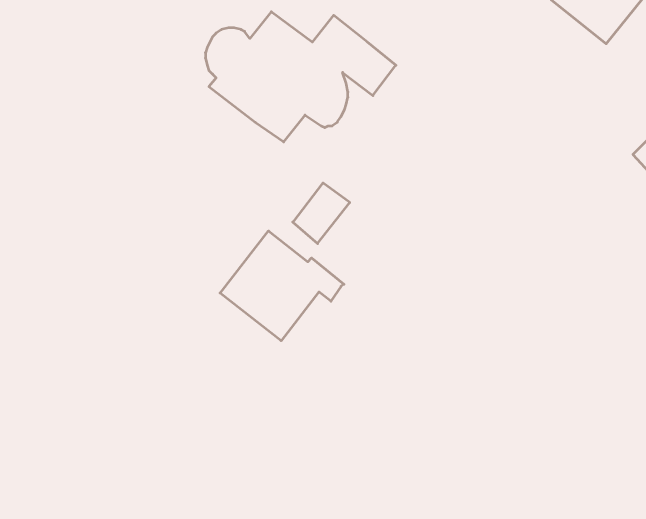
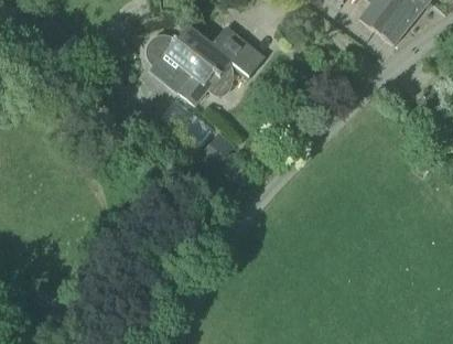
building: [220,231,344,341] -> none

